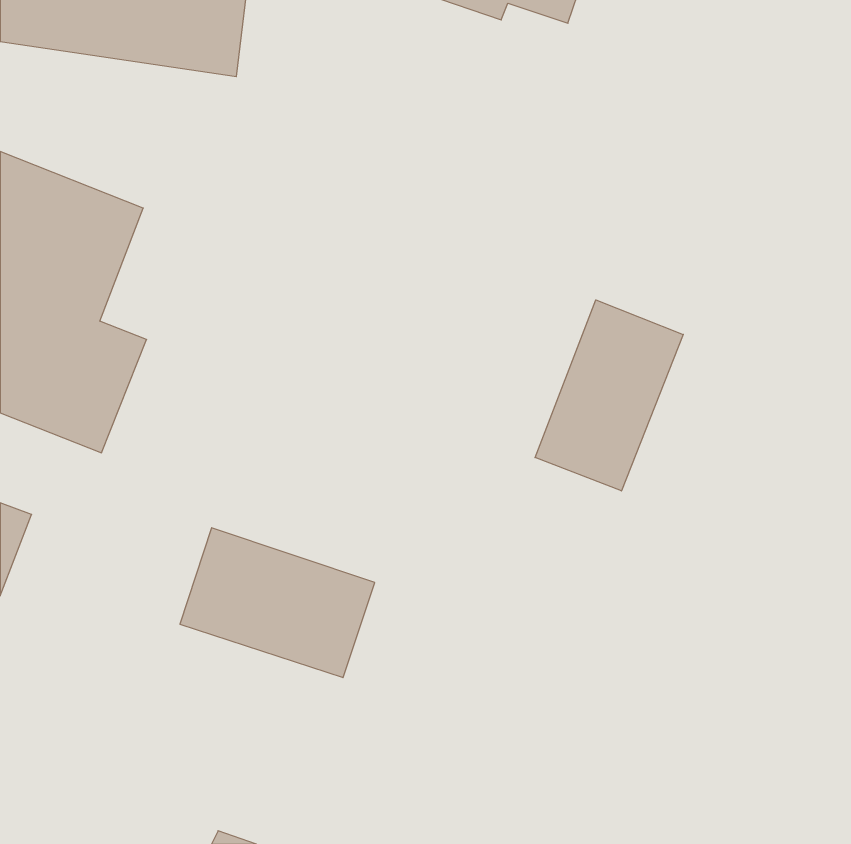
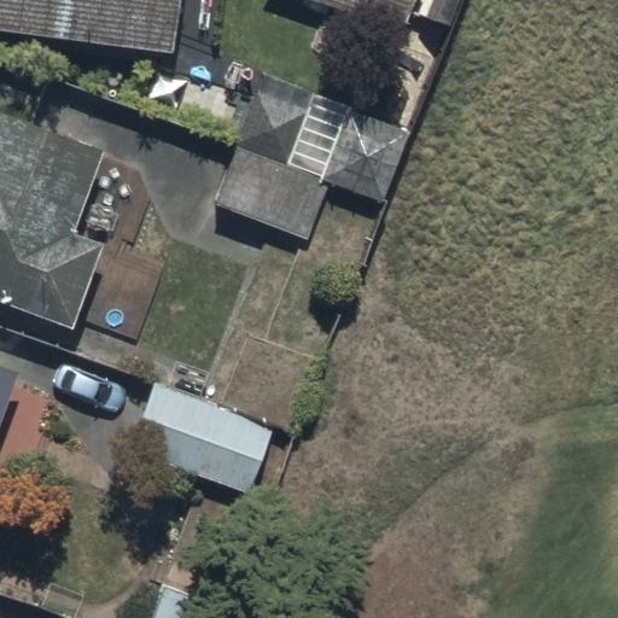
building: none -> [210,69,408,239]
building: [535,300,683,491] -> none

